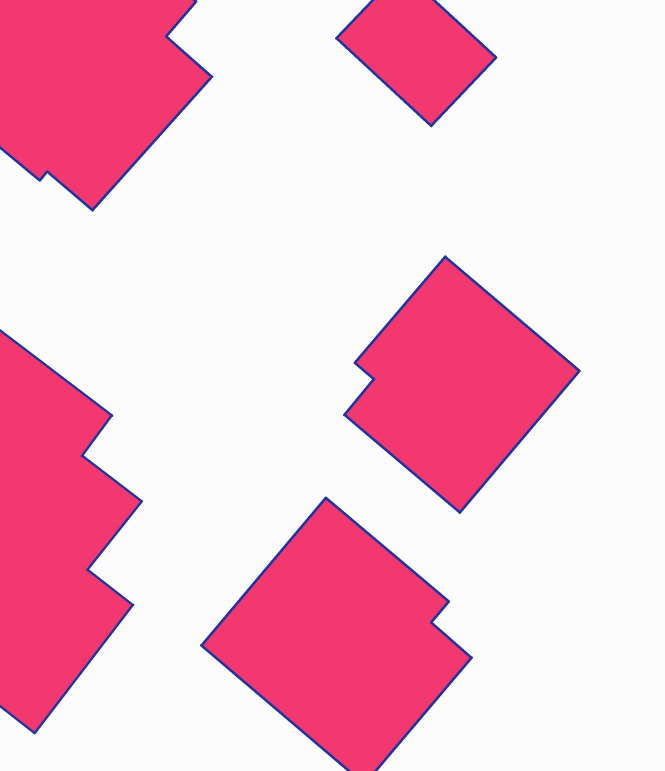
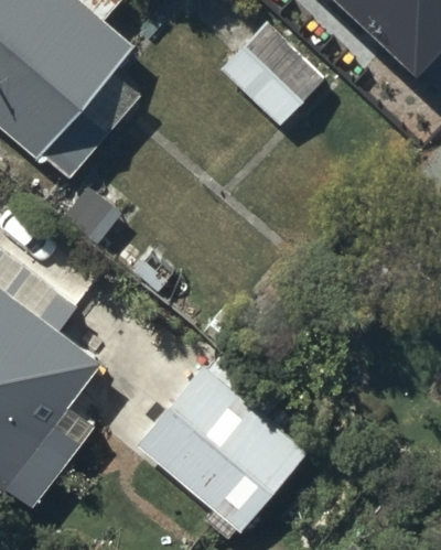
building: [344,257,579,513] -> none

